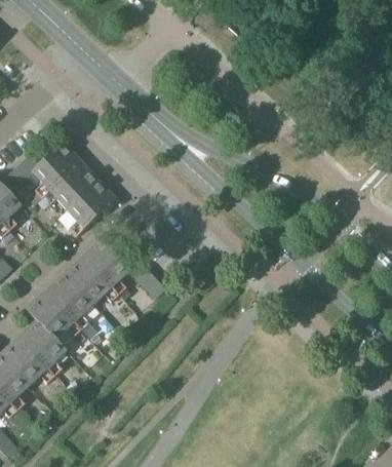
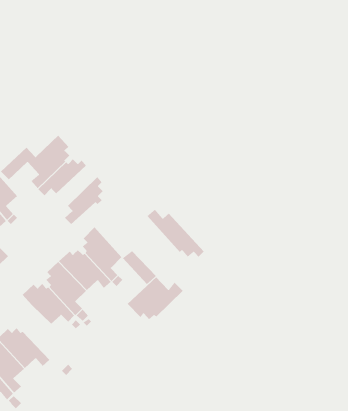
building: [61,172,104,215] -> none
building: none -> [147,209,204,258]
building: none -> [127,277,184,320]
building: [23,318,66,375] -> none

